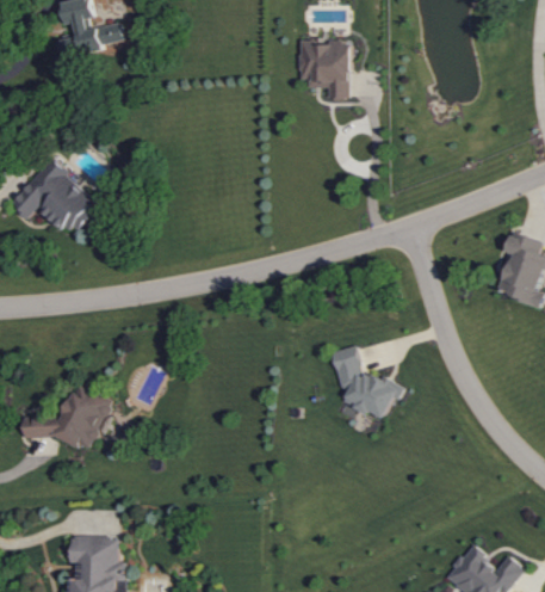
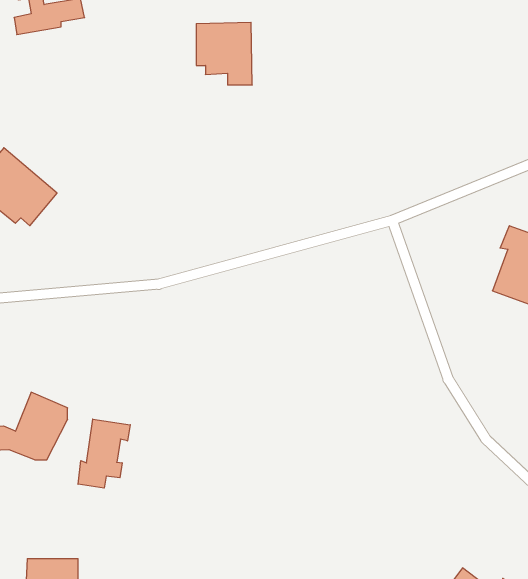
building: [298,41,349,98] -> [196,22,252,85]
building: [329,345,402,419] -> none
building: none -> [78,419,130,488]

